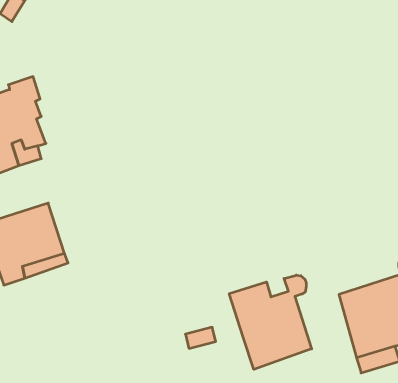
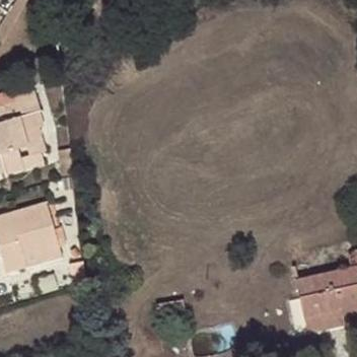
building: [229,275,312,369] -> none

